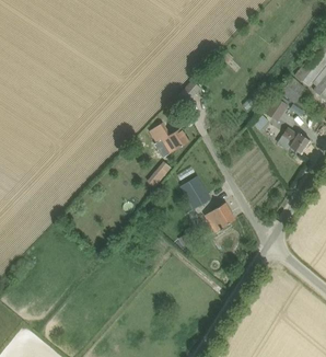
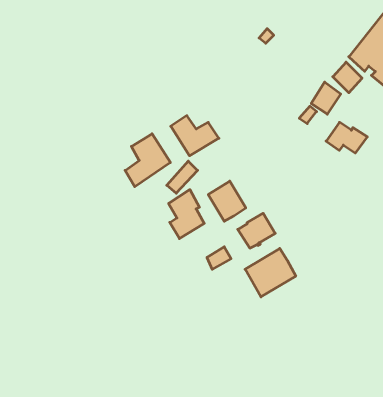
building: none -> [125,134,170,187]
building: none -> [169,190,204,239]
building: none -> [245,248,296,297]

